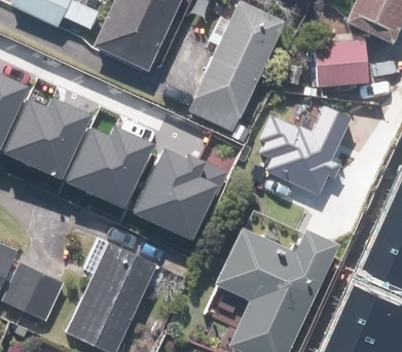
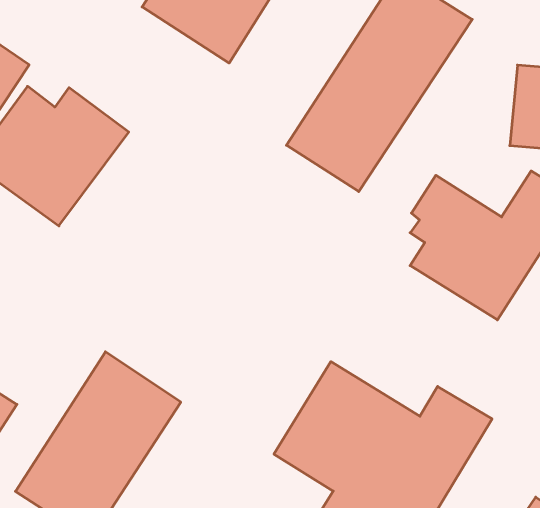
building: [72,126,157,205] -> none
building: [141,148,233,240] -> none

